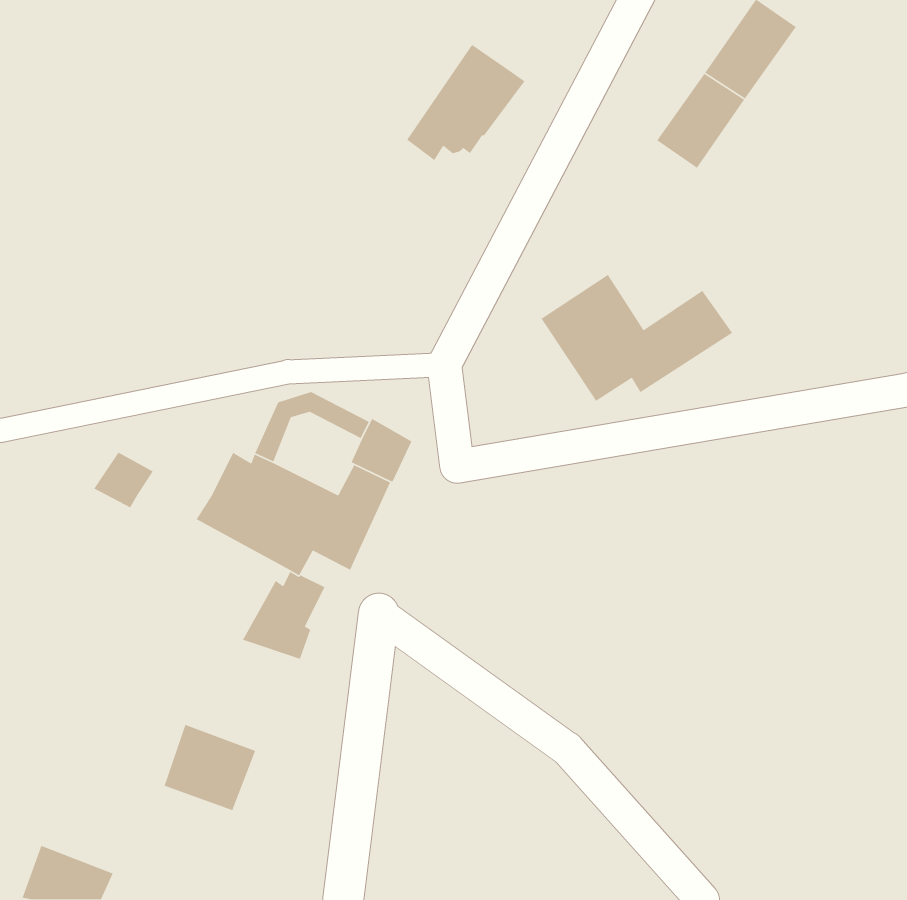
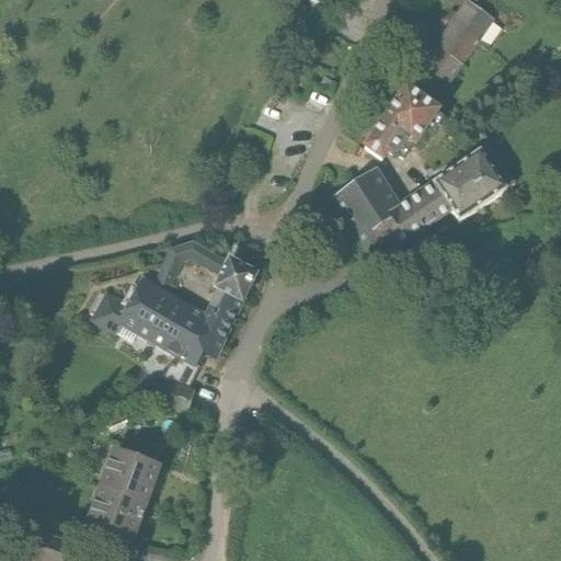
building: [406,44,525,161] -> [365,87,438,159]
building: none -> [434,141,515,218]
building: [93,452,154,508] -> [94,293,131,328]
building: none -> [88,484,145,538]

